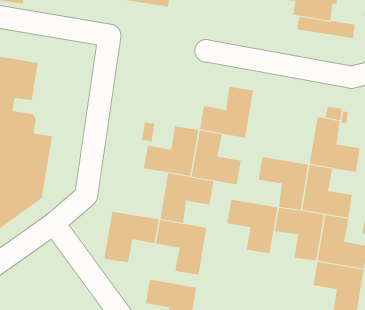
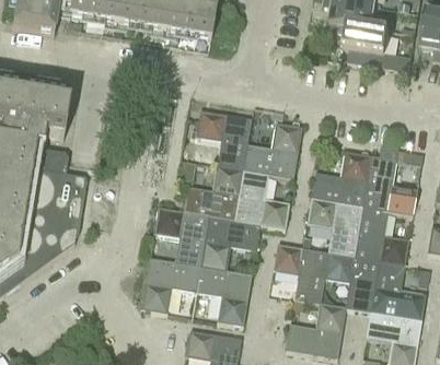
building: none -> [195,109,251,169]
building: none -> [311,151,370,207]
building: none -> [153,207,209,266]
building: none -> [286,303,345,357]

